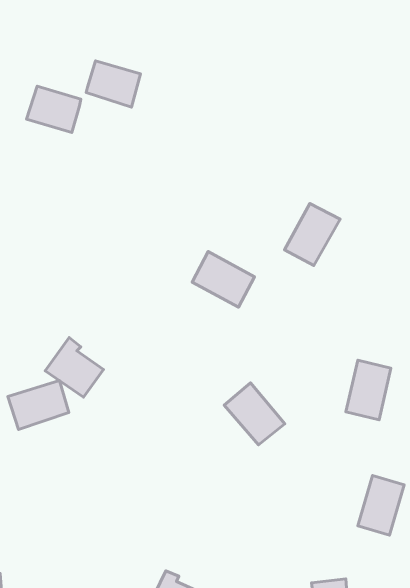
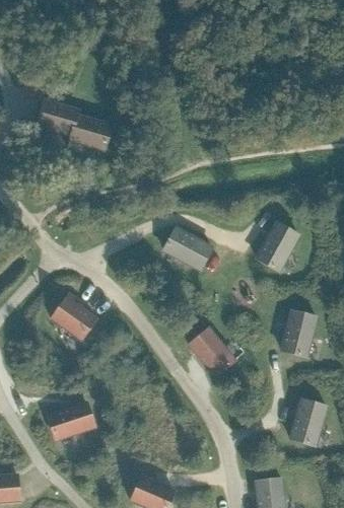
building: [86,61,141,107] -> [70,116,112,151]
building: [285,203,340,266] -> [257,222,299,270]
building: [8,381,69,430] -> [47,402,93,439]

